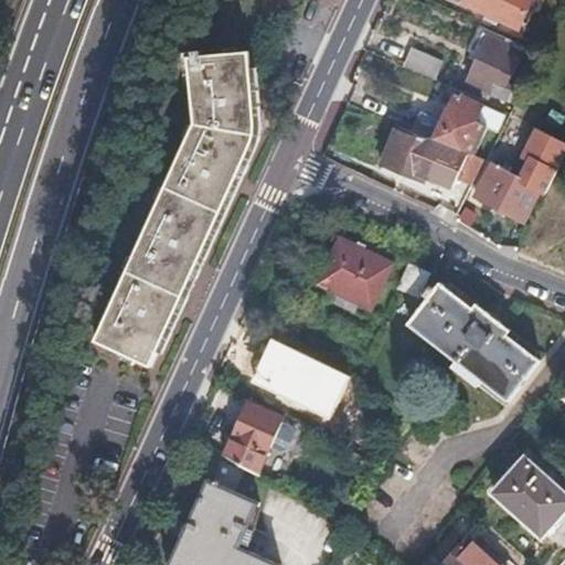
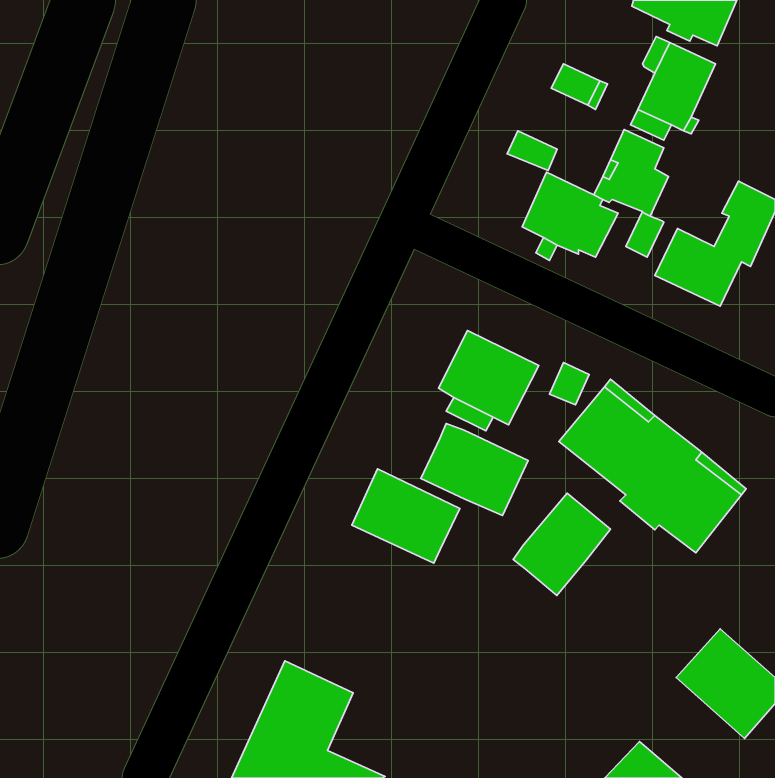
building: [95,49,255,363] -> none
building: none -> [421,423,528,516]
building: none -> [513,493,611,595]
building: [227,402,284,472] -> none

